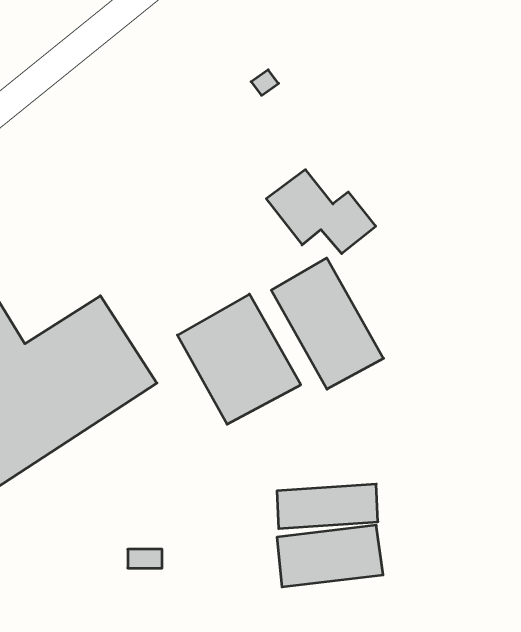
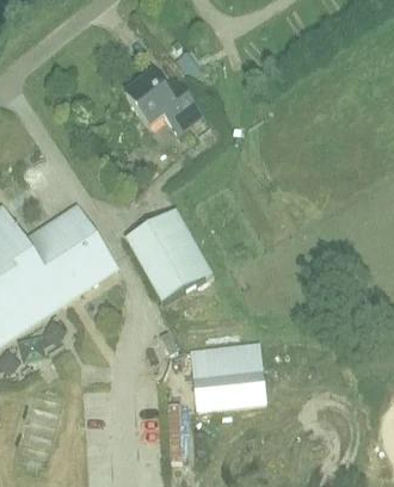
building: [266,170,376,254] -> [128,74,204,132]
building: [271,258,384,389] -> none

